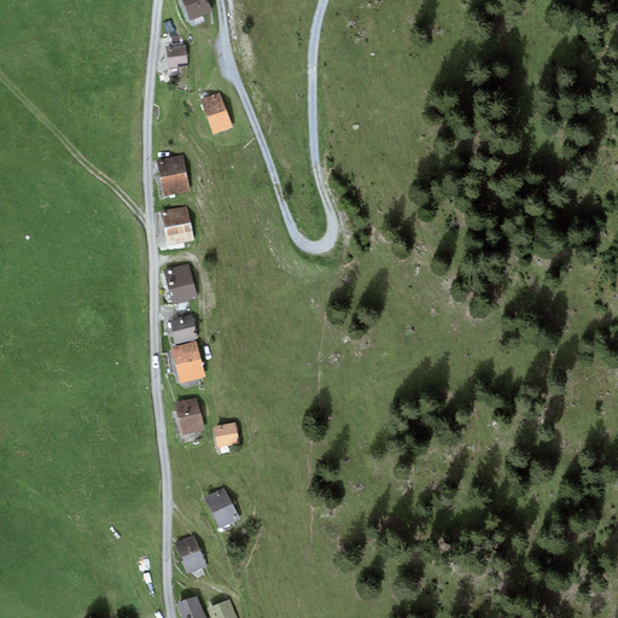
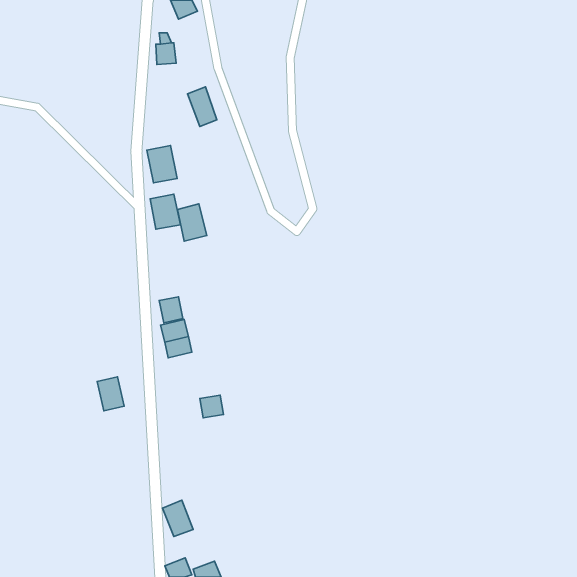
building: [164,264,196,304] -> [177,204,207,241]
building: [174,398,203,435] -> [97,377,124,411]
building: [204,489,239,530] -> none

